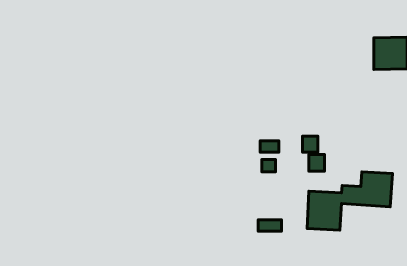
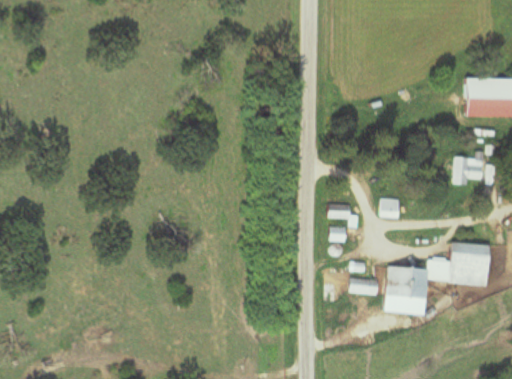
building: none -> [451,155,492,186]
building: [309,155,324,171] -> none
building: [258,220,282,231] -> [349,279,378,293]

